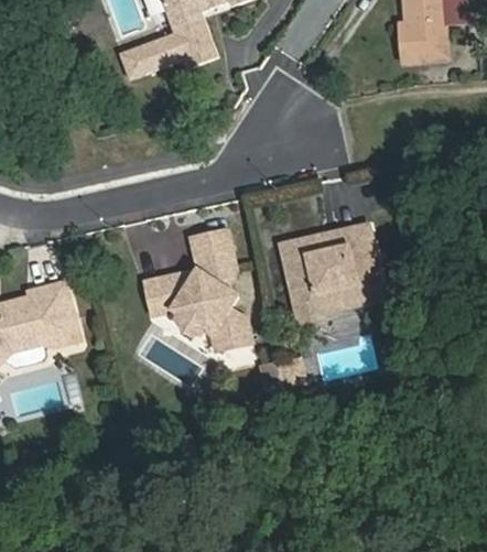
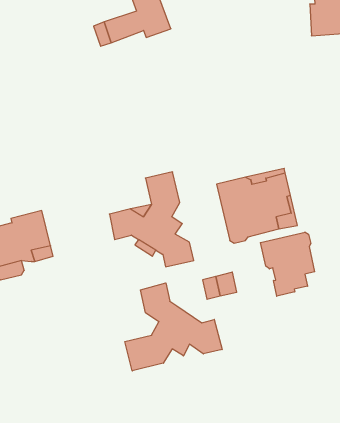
building: none -> [260,232,315,296]
building: none -> [125,283,222,371]

